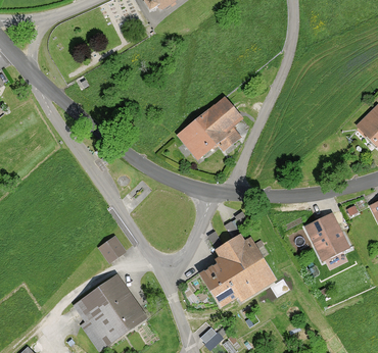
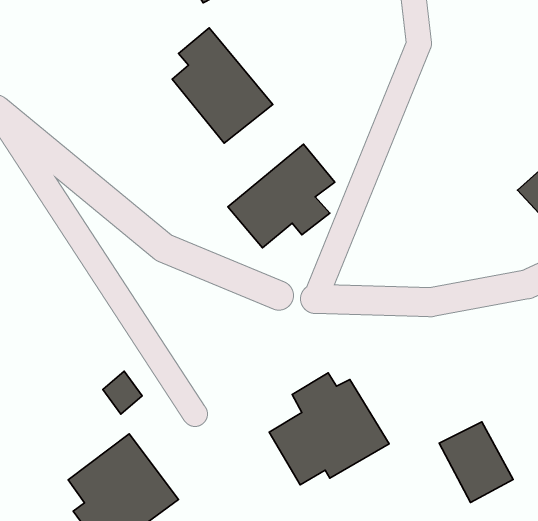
building: none -> [172,28,273,143]
building: [304,212,350,262] -> [439,422,513,502]

